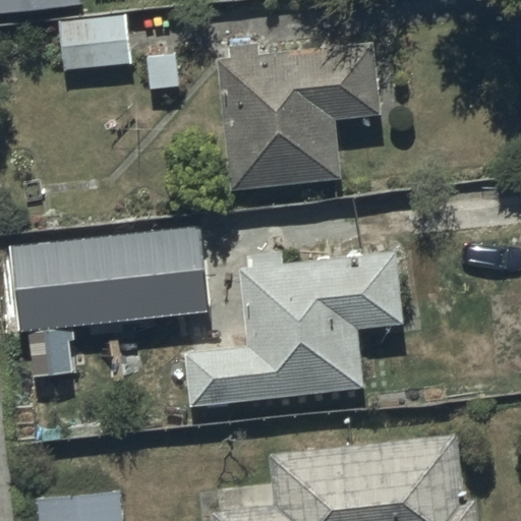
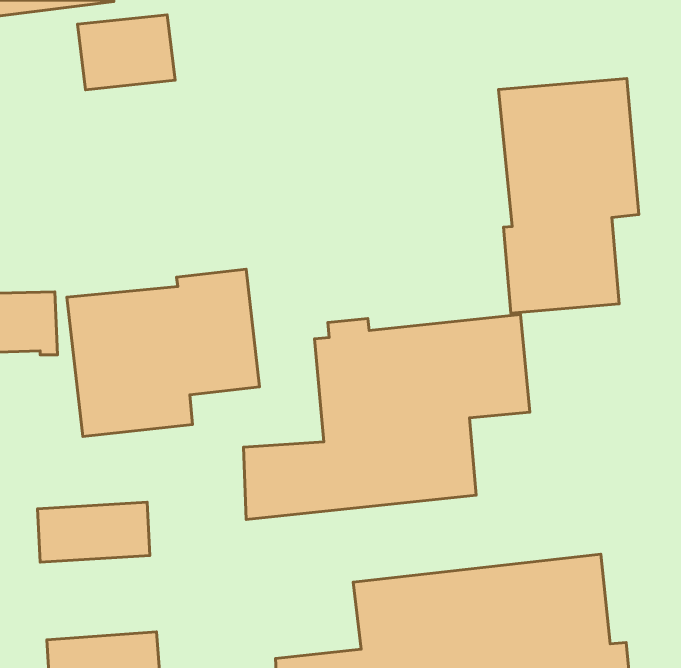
building: [219,46,381,189] -> none
building: none -> [499,79,639,313]

